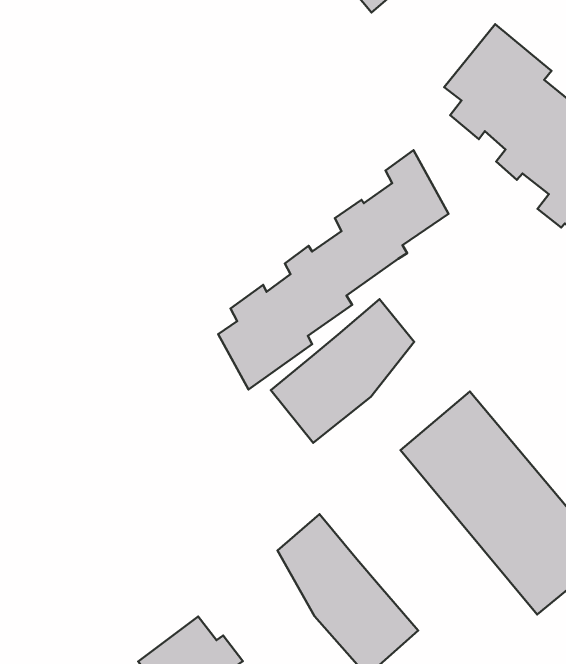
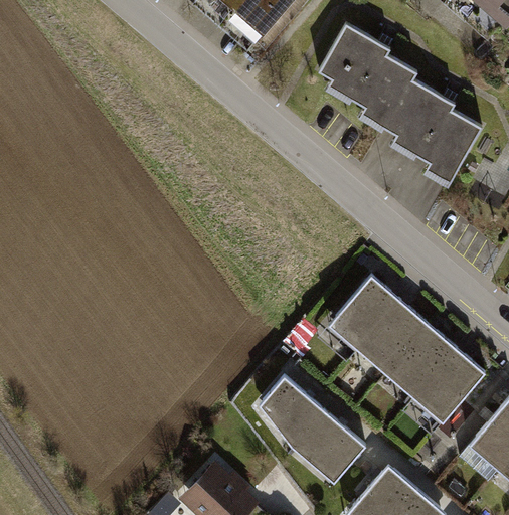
building: [218,150,448,390] -> none
building: [271,299,414,443] -> none

